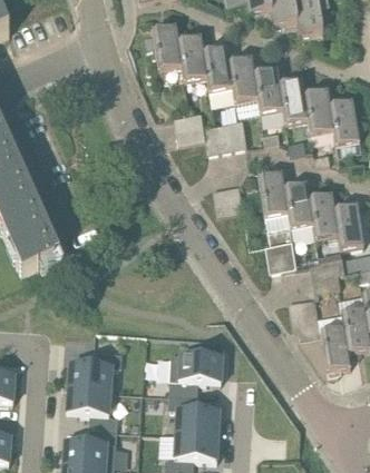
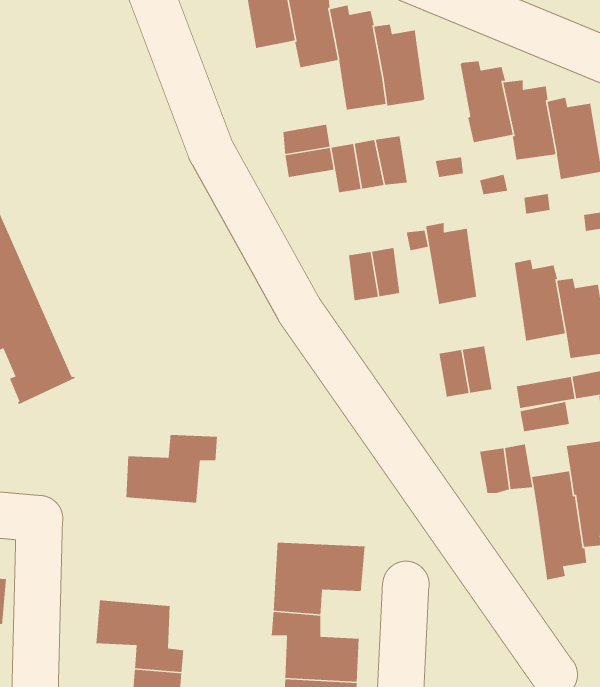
building: [254,65,284,112] -> none
building: [284,180,314,227] -> none
building: [70,351,124,391] -> [125,434,218,504]

